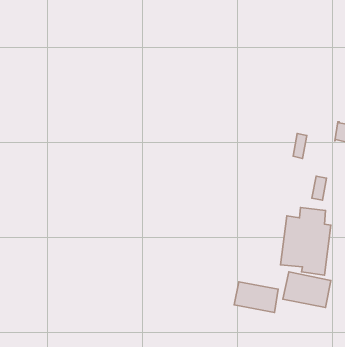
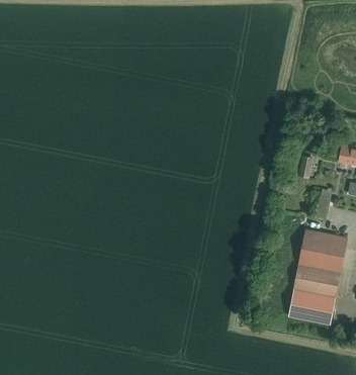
building: [234,282,278,313] -> none

